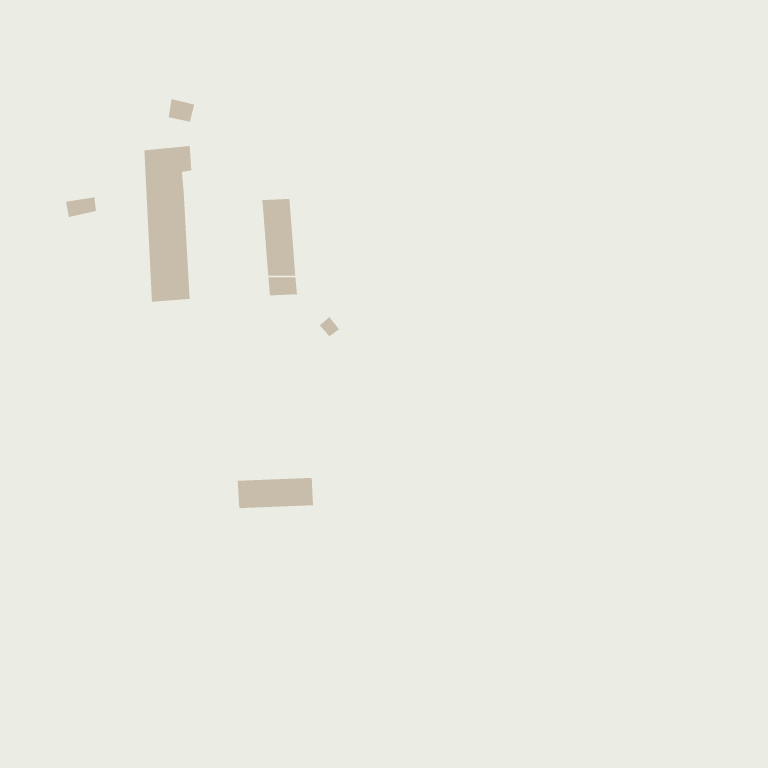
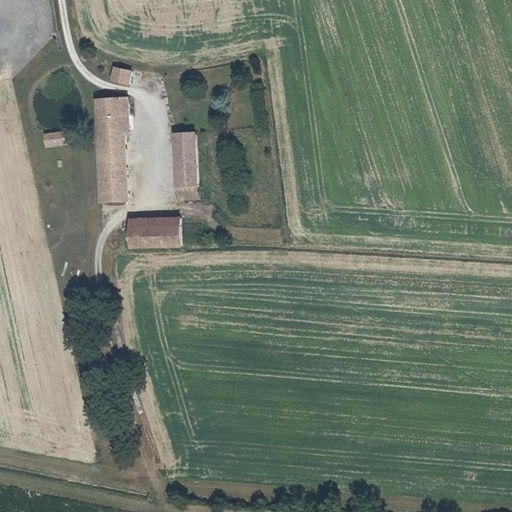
building: [237,477,314,509] -> [129,224,180,245]

